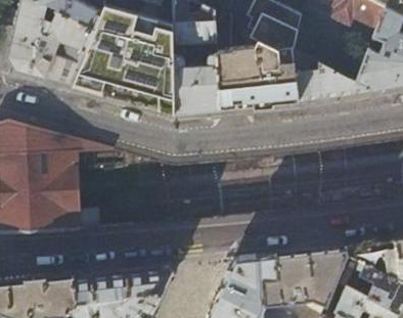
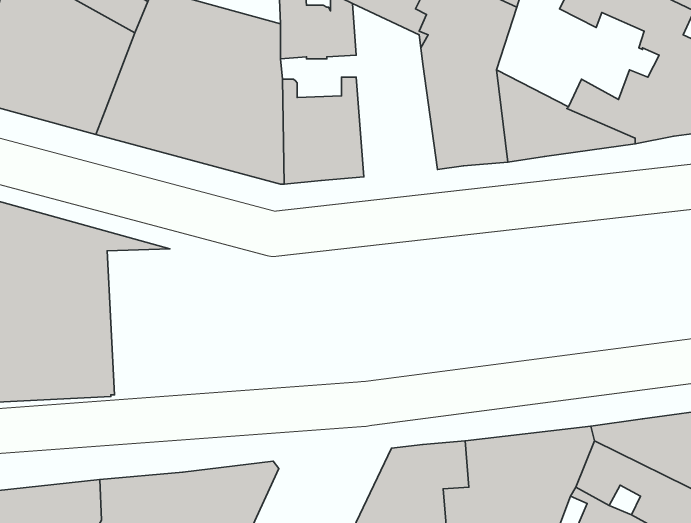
building: [216,46,261,108] -> none

